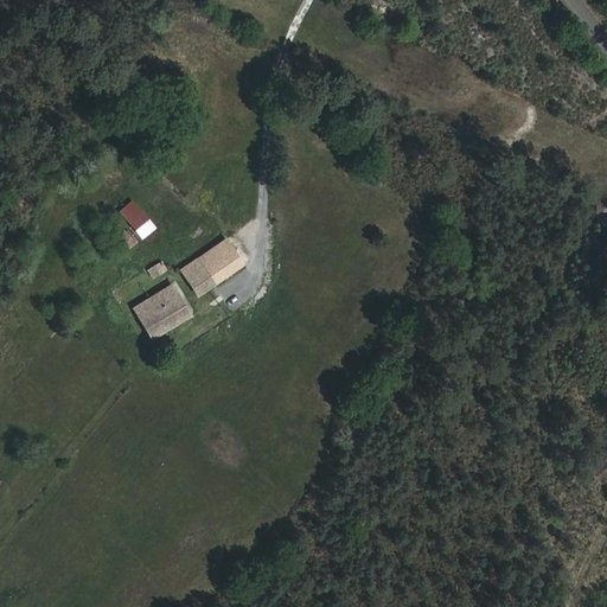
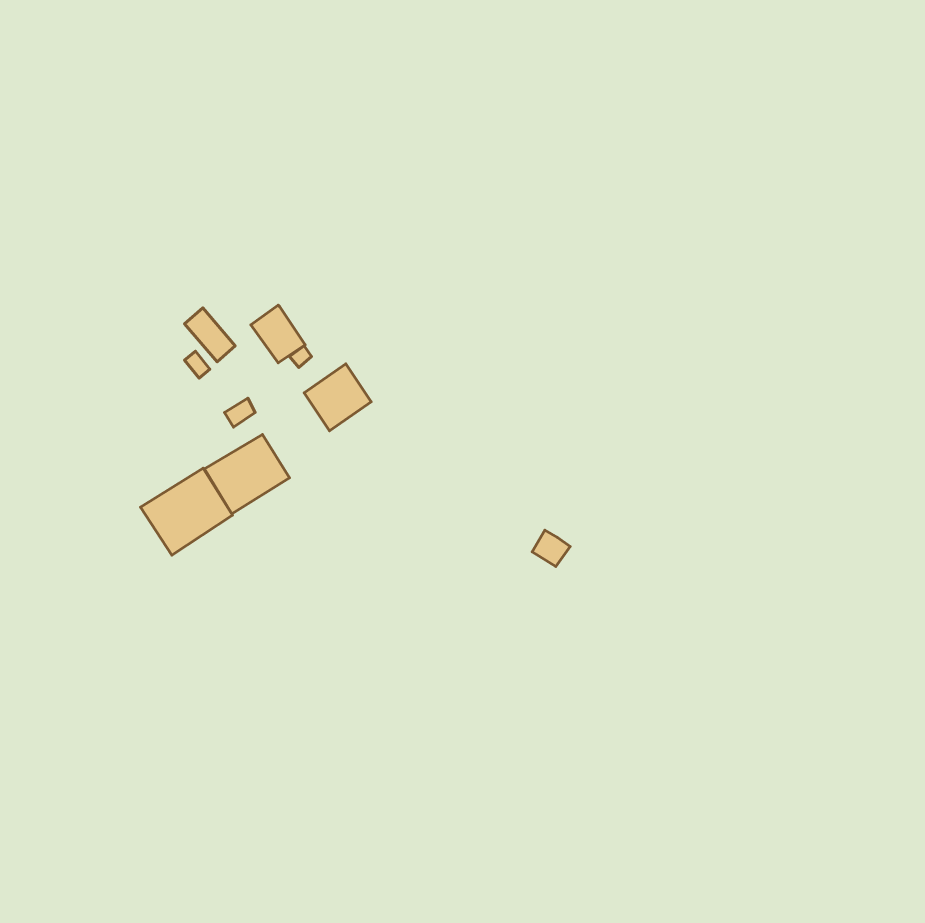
building: [180,256,216,294] -> [251,305,305,363]
building: none -> [141,468,232,555]

